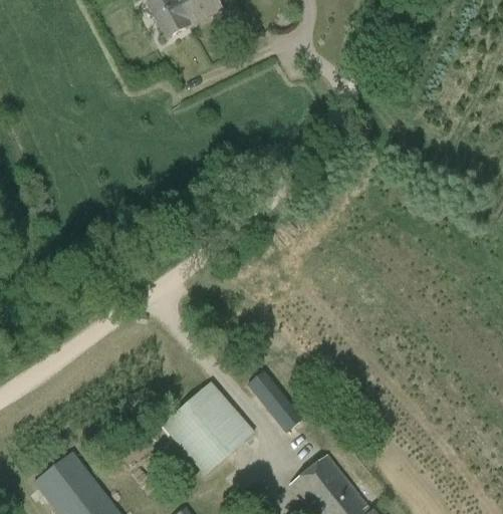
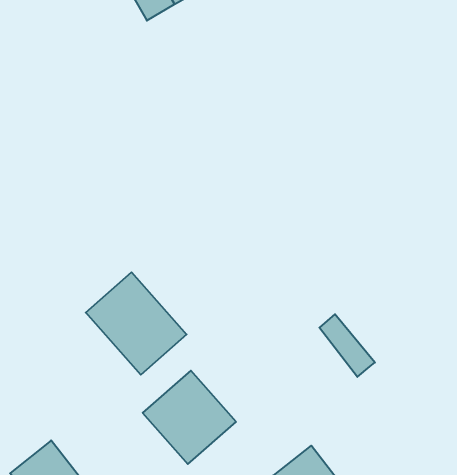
building: none -> [86,272,187,375]
building: [249,371,303,433] -> [319,314,375,377]

